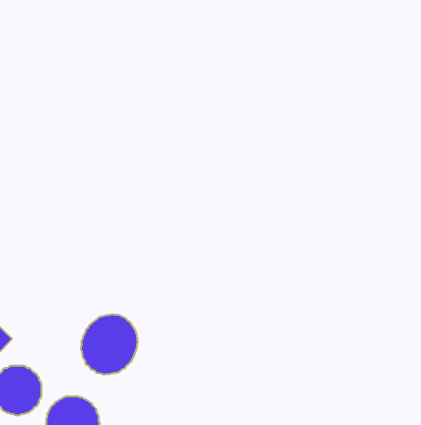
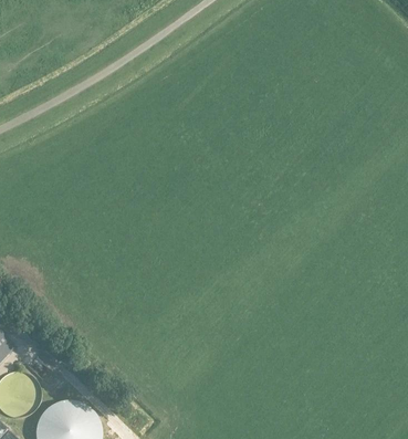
building: [81,314,137,375] -> none

